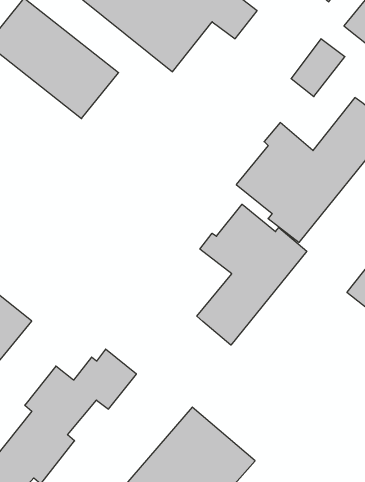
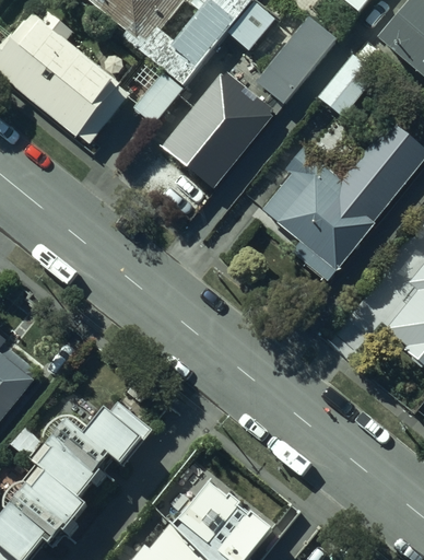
building: none -> [261,20,343,109]
building: none -> [163,69,278,188]
building: [197,204,307,345] -> none

